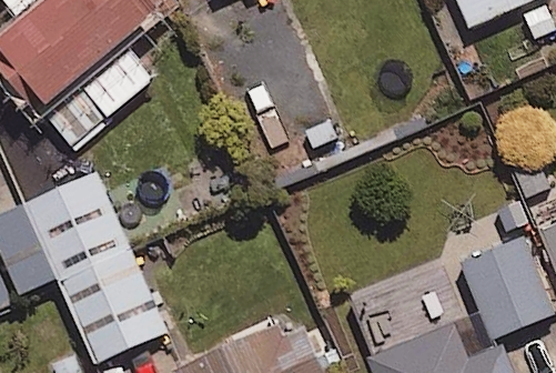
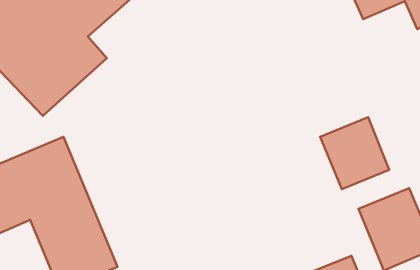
building: none -> [320,117,389,189]

